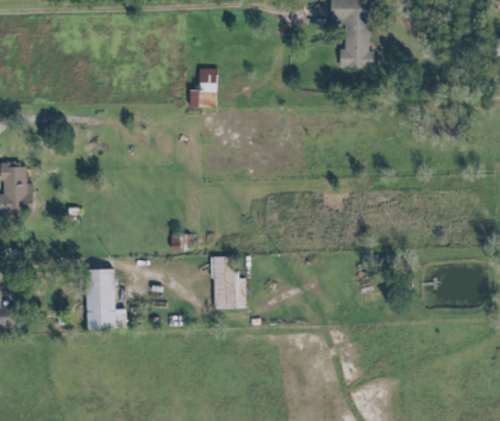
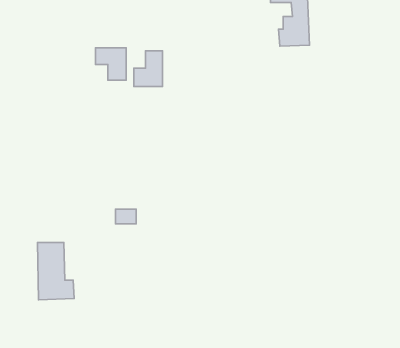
building: none -> [95,48,126,80]
building: [208,256,244,308] -> none

